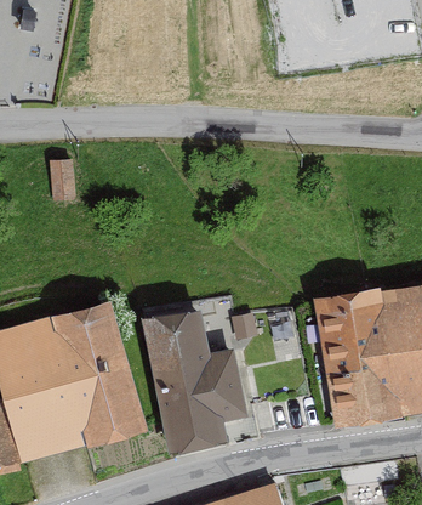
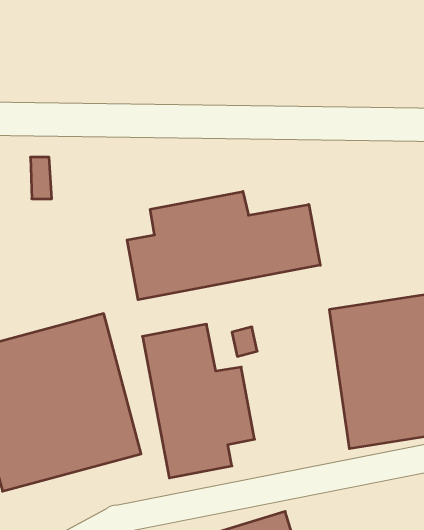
building: none -> [127,191,320,300]

